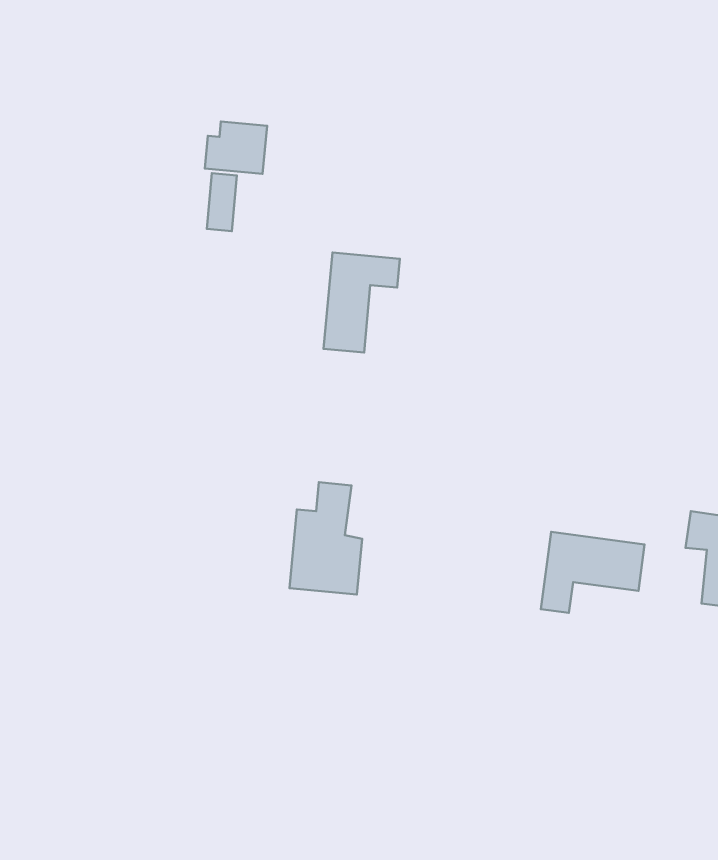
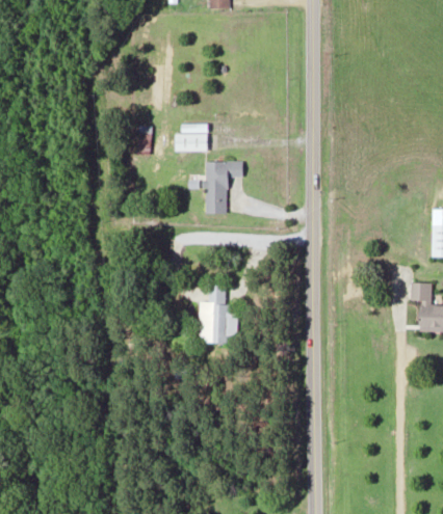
building: [205,121,267,174] -> [175,125,206,151]
building: [541,532,645,613] -> none

